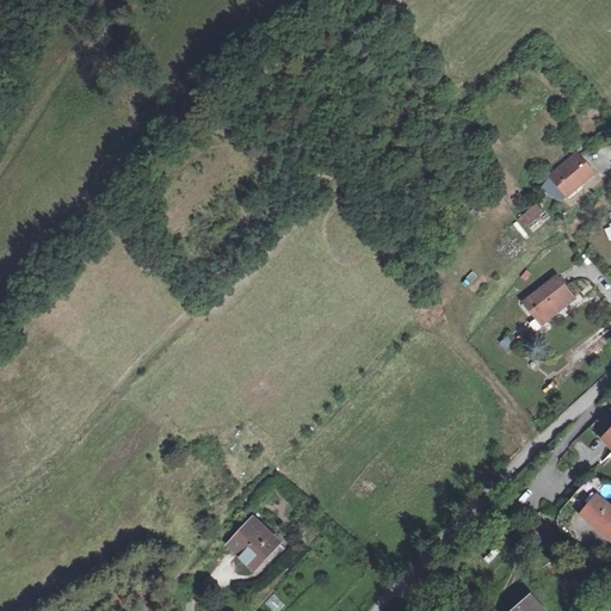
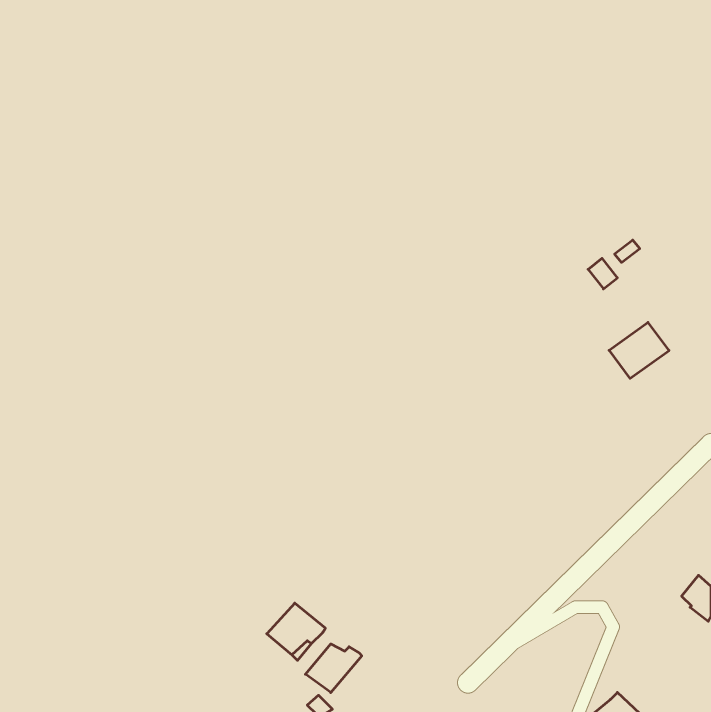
building: [545,156,598,197] -> none
building: none -> [305,644,362,693]

